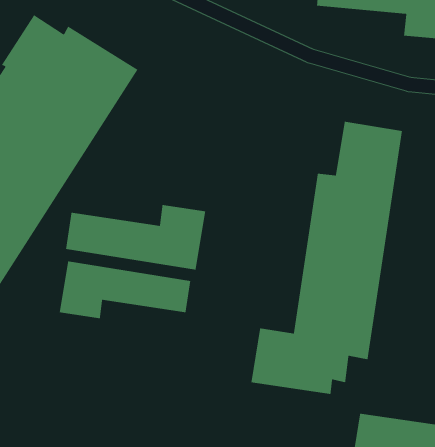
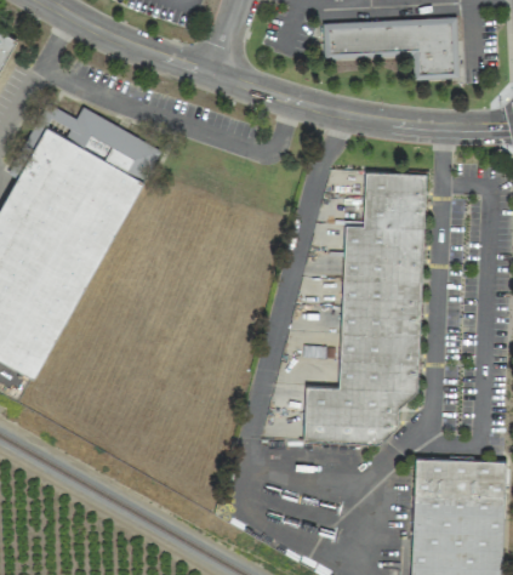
building: [65,204,206,271] -> none
building: [59,261,191,319] -> none

